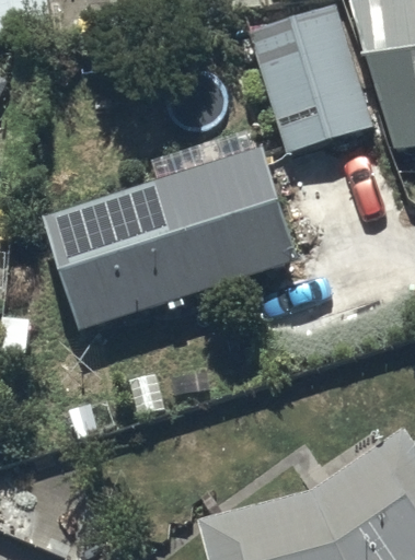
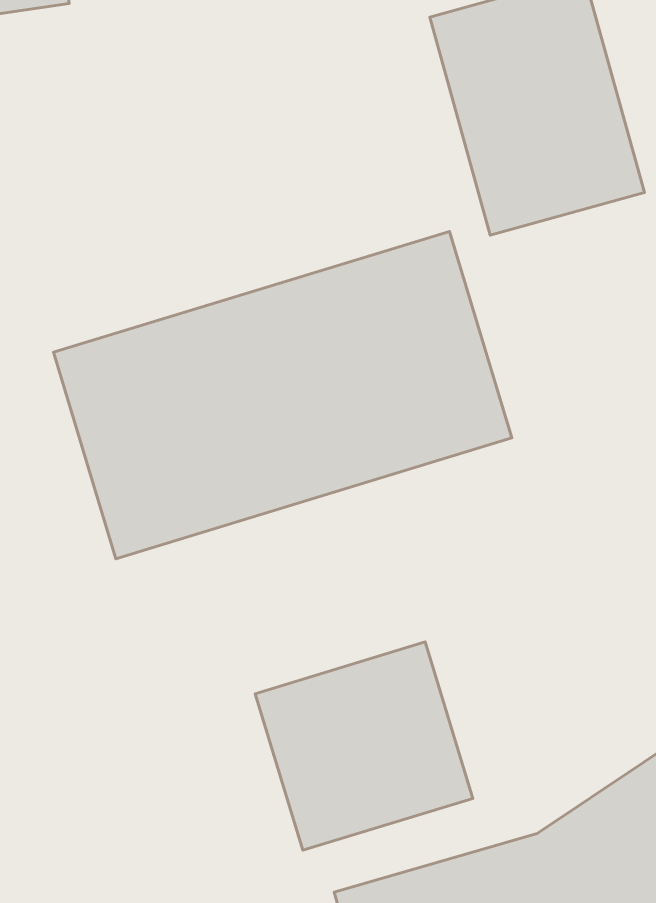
building: none -> [255,642,473,850]

